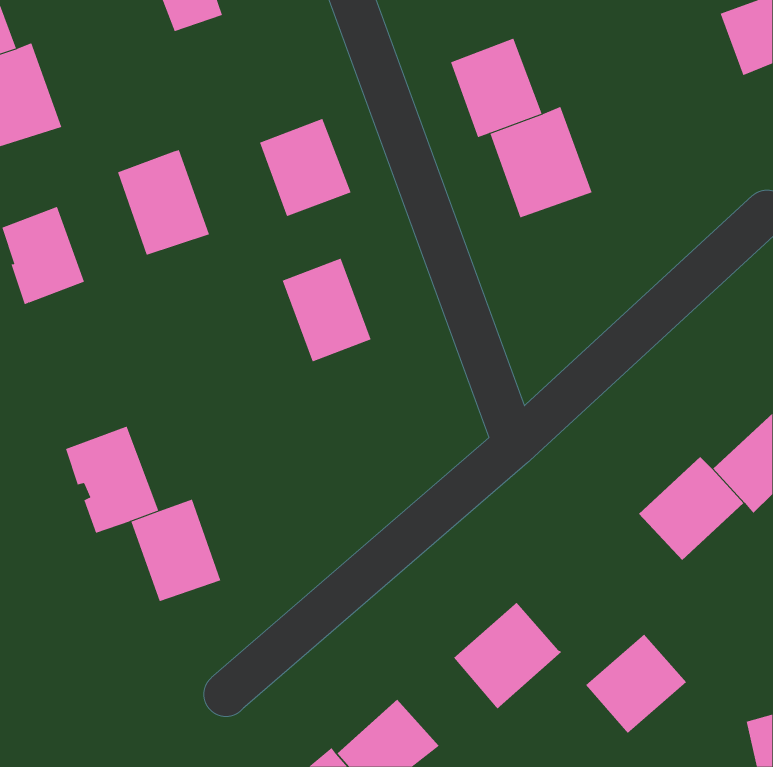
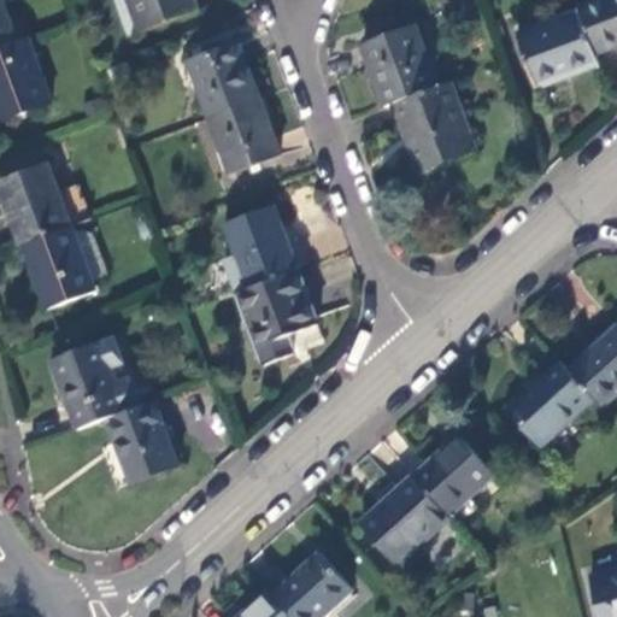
building: none -> [515,14,594,90]
building: none -> [186,39,257,113]
building: [117,150,210,256] -> [23,223,96,307]
building: none -> [239,270,316,365]
building: [585,634,687,734] -> [411,437,492,517]

